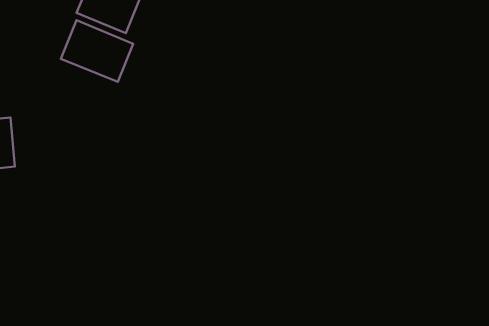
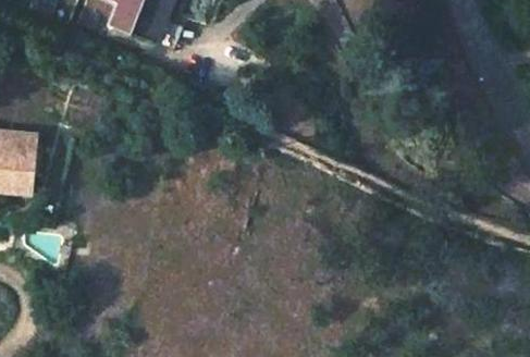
building: [61,20,133,82] -> none

